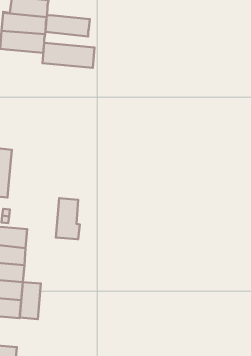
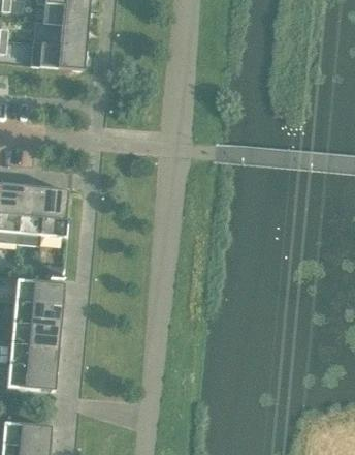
building: [45,15,90,37] -> none
building: [42,43,94,68] -> none
building: [56,198,80,239] -> [40,187,69,237]
building: [20,282,41,319] -> none

